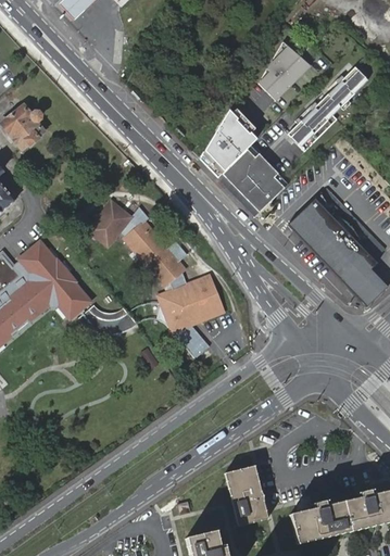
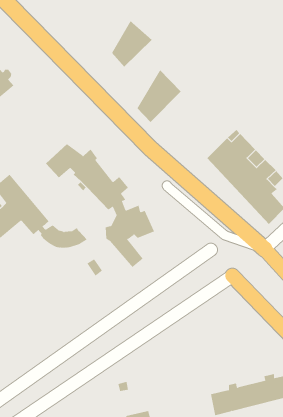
building: [259,40,311,100] -> [111,20,153,68]
building: [288,66,369,150] -> none
building: [218,143,289,215] -> none
building: [226,469,269,529] -> none

